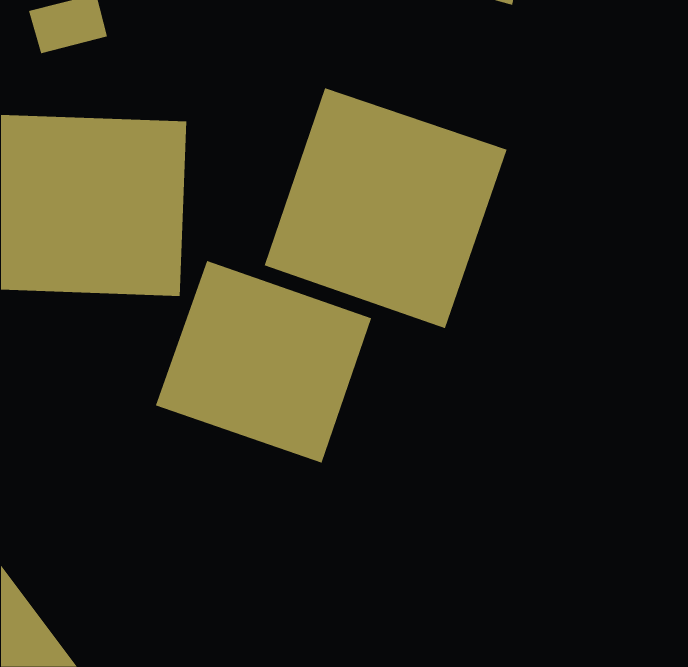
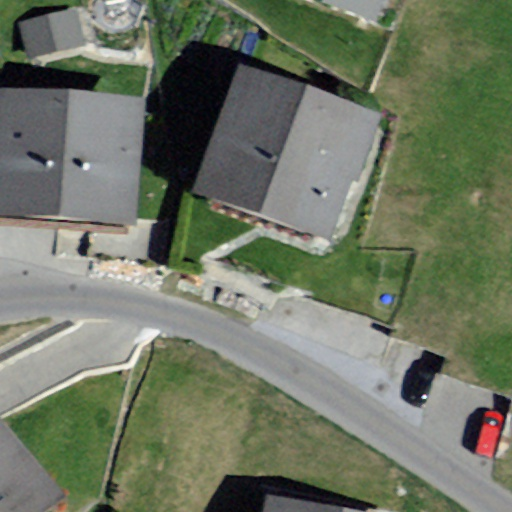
building: [155,260,372,463] -> none

